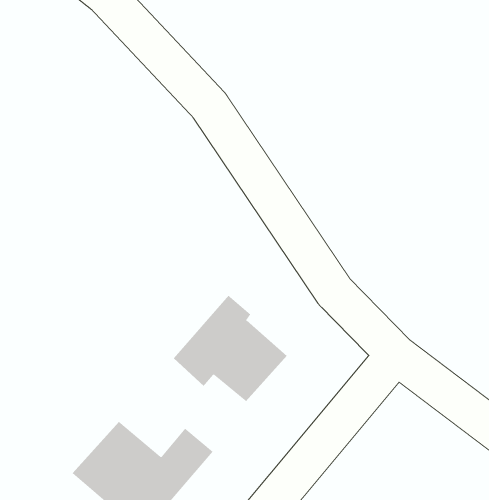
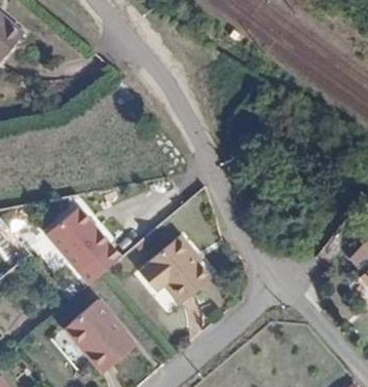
building: none -> [48,206,111,271]

